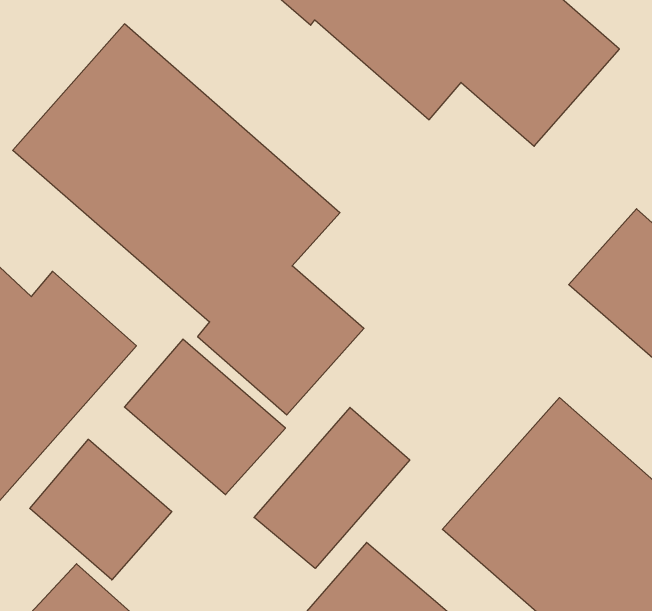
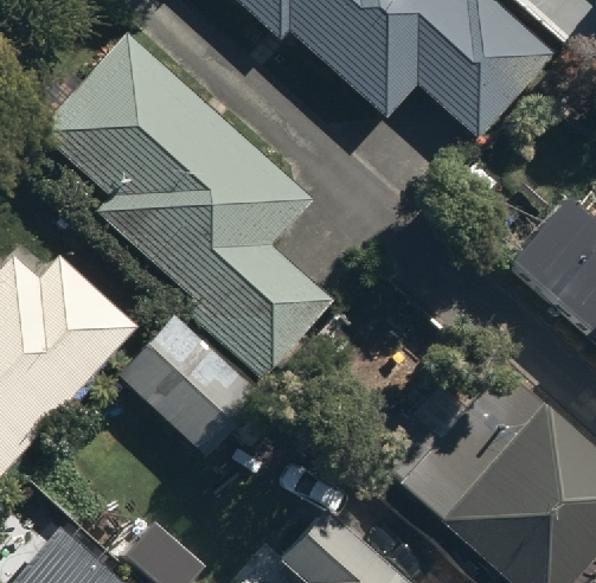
building: [254,407,410,568] -> none
building: [30,439,172,580] -> none

